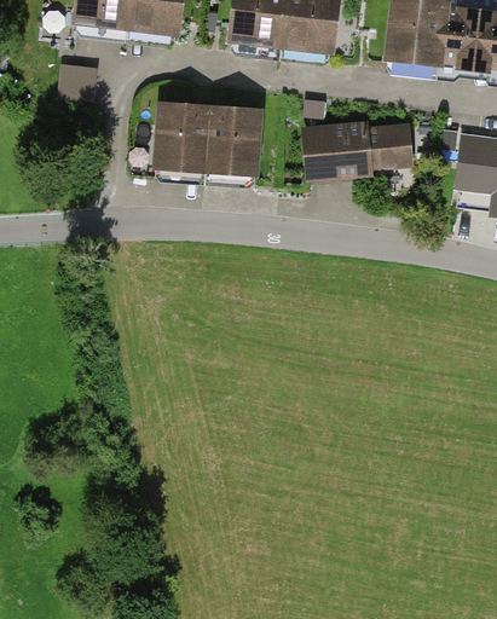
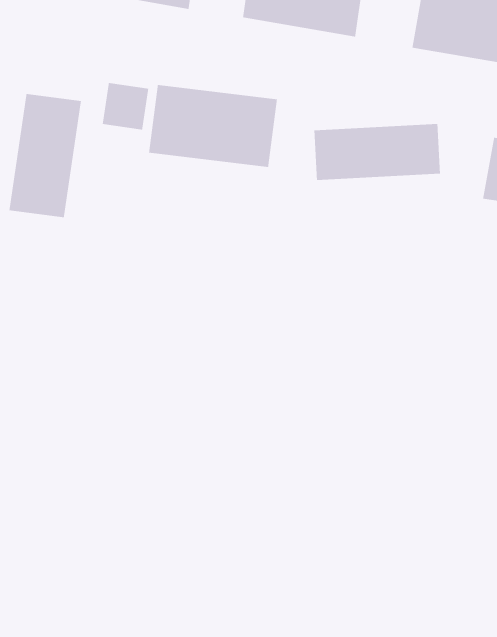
building: [58,62,99,104] -> [102,82,149,131]
building: none -> [8,93,82,218]

